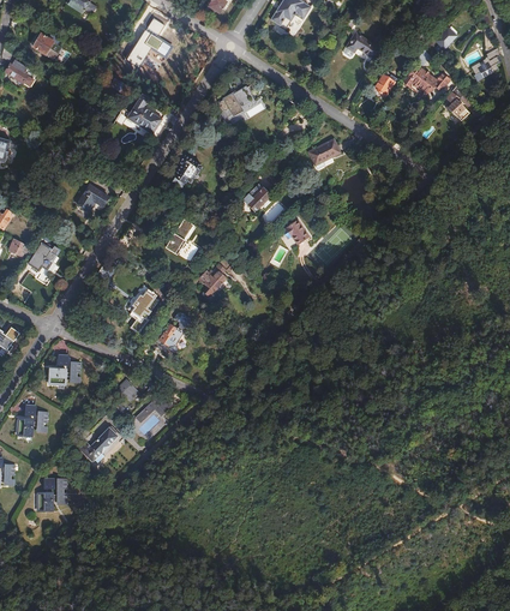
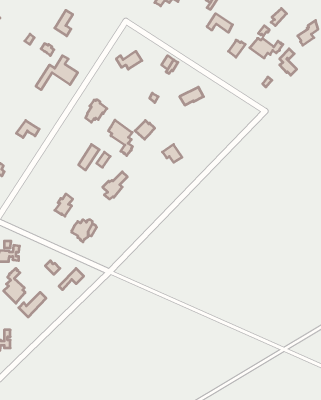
building: none -> [109,120,132,156]
building: none -> [4,268,25,303]

